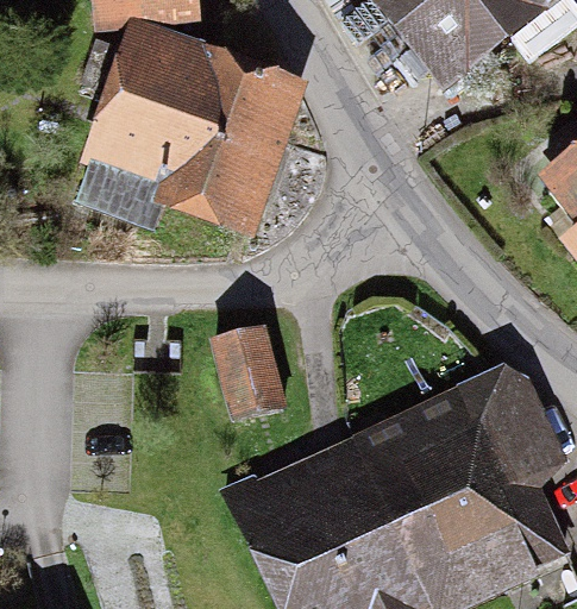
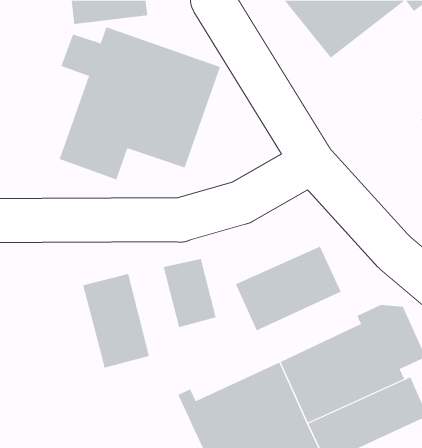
building: none -> [235,246,342,331]
building: none -> [83,273,149,369]

